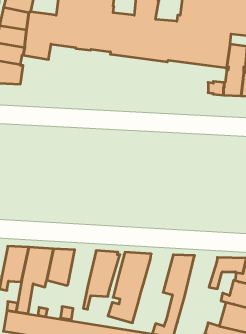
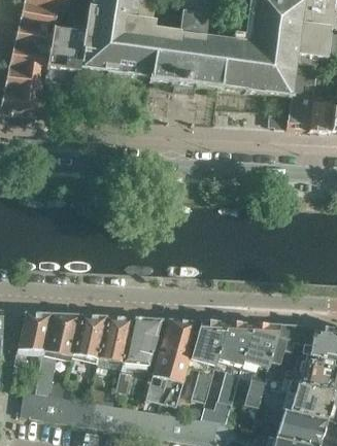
building: none -> [97,316,132,387]
building: none -> [187,321,226,402]
building: none -> [239,323,279,408]

